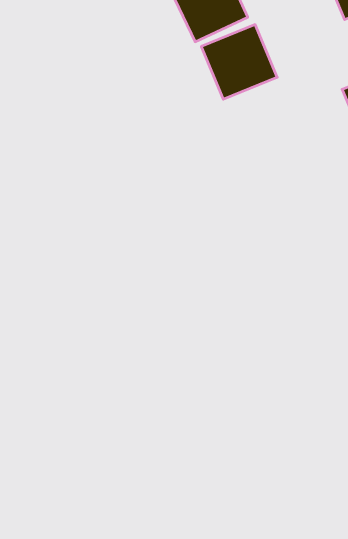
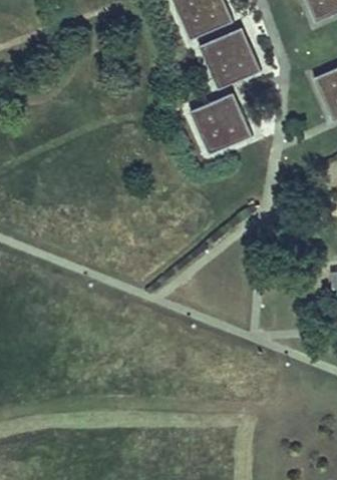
building: none -> [190,93,253,155]

